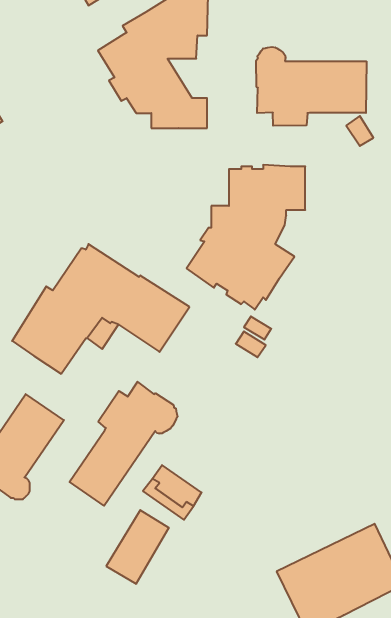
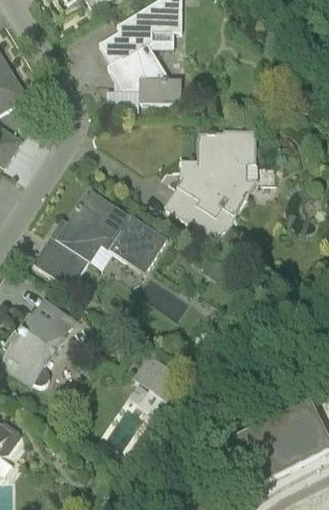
building: [256,47,366,126] -> none
building: none -> [232,163,256,199]
building: [70,382,177,506] -> none

